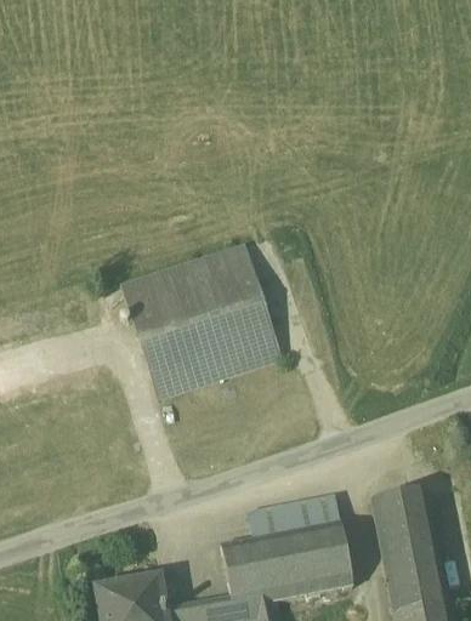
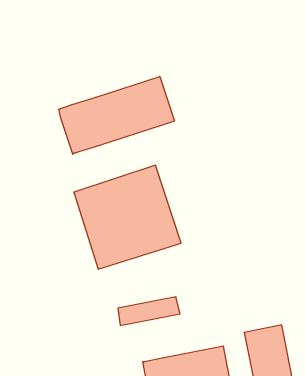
building: none -> [59,76,175,154]
building: [249,492,341,535] -> [118,297,180,325]

